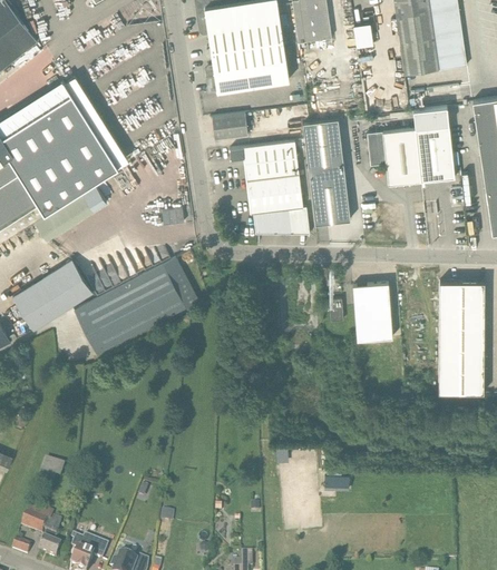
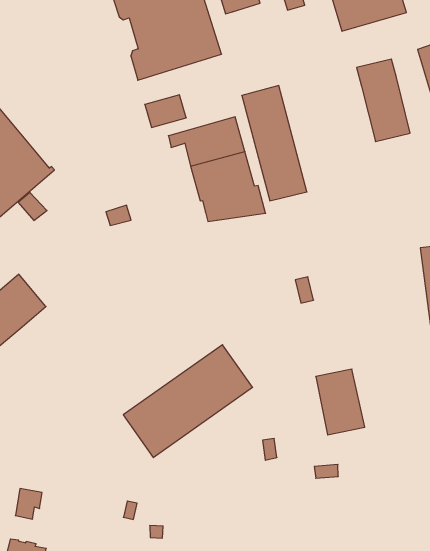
building: [367,128,421,185] -> none
building: [75,257,198,353] -> [123,345,253,458]
building: [353,283,392,341] -> [316,369,365,435]

